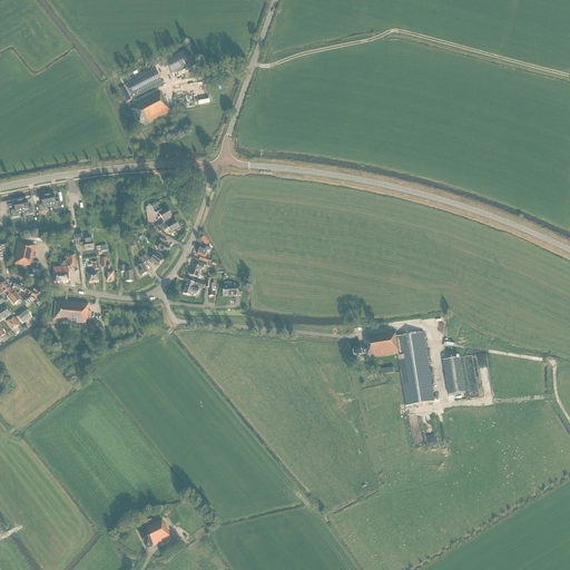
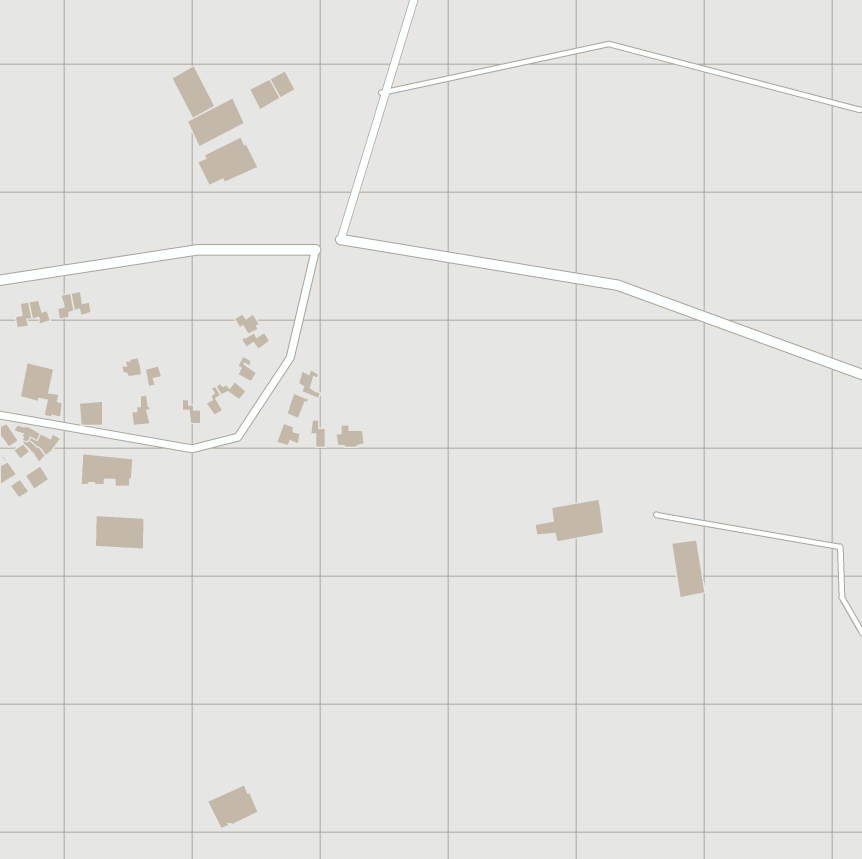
building: none -> [172,66,215,119]
building: [396,331,434,404] -> none
building: none -> [96,516,144,549]

